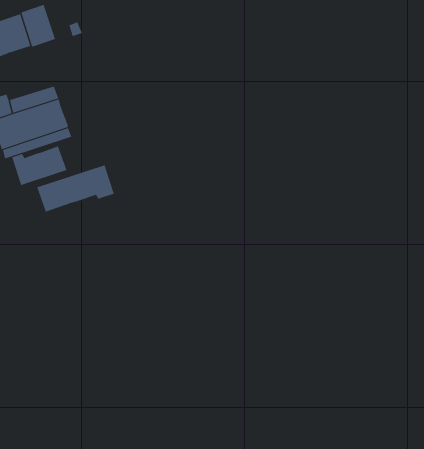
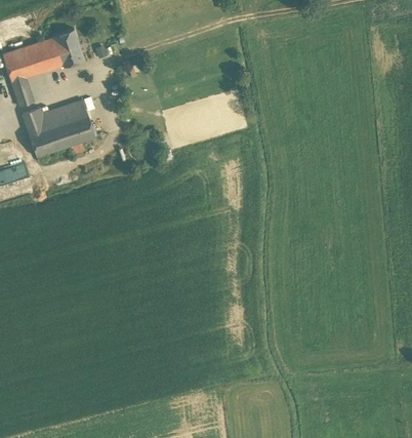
building: [11,146,67,186] -> none
building: [36,164,114,212] -> none

